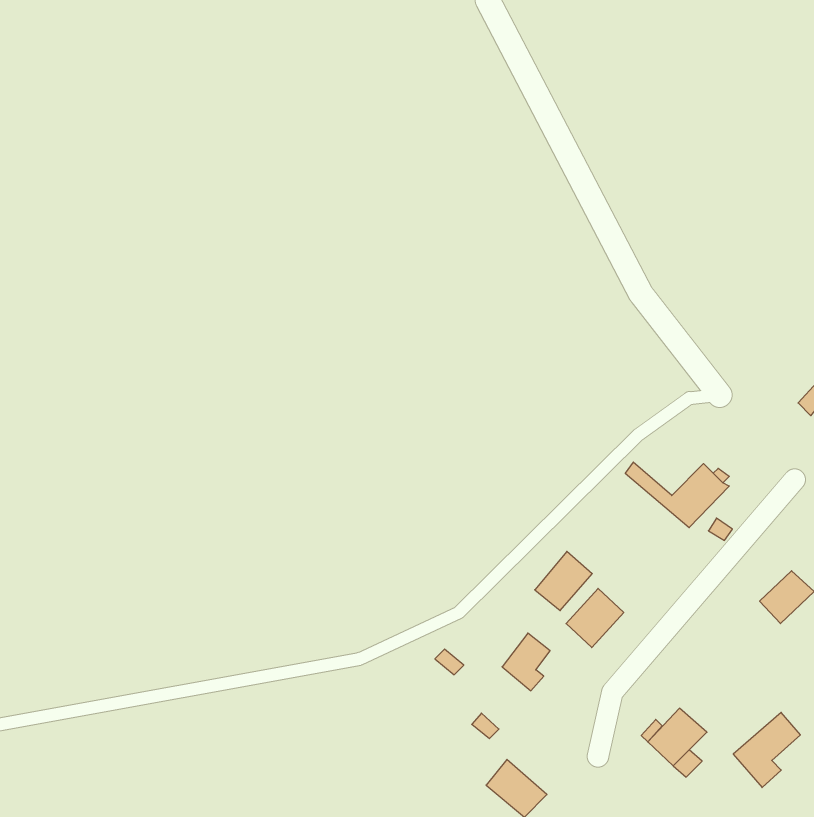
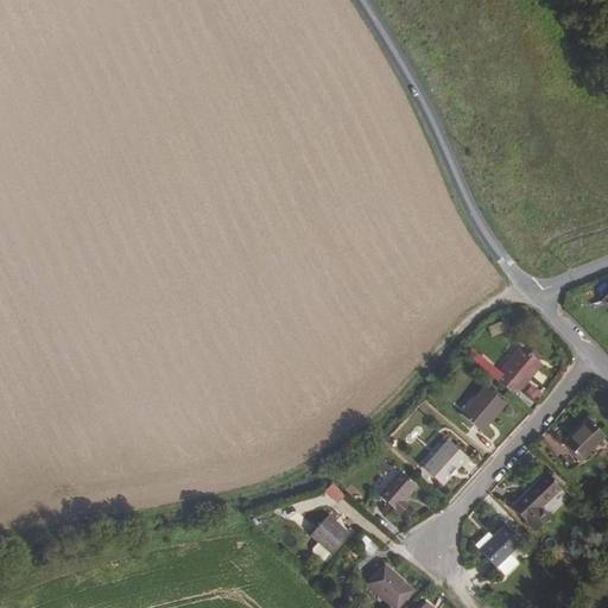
building: [535,551,592,611] -> [462,384,505,428]
building: none -> [306,514,344,551]
building: [733,712,800,788] -> [515,479,565,534]

